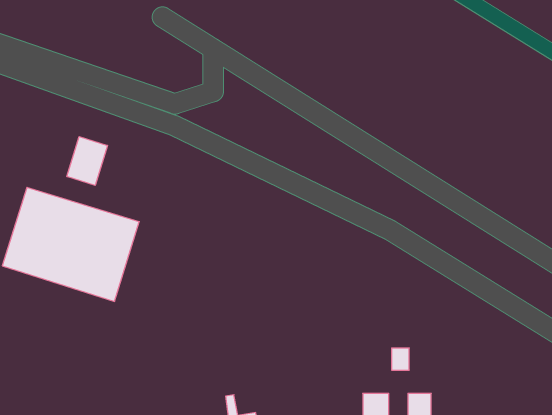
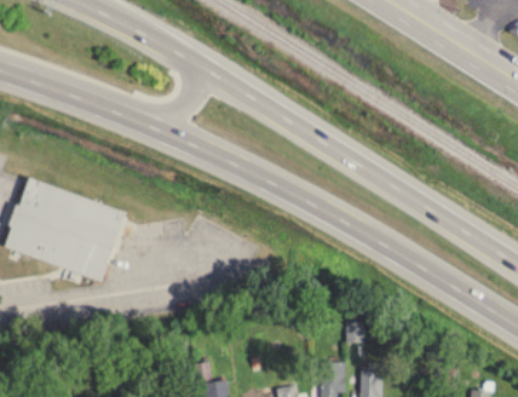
building: [67,137,107,185] -> none

